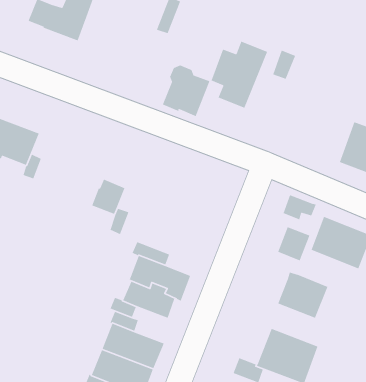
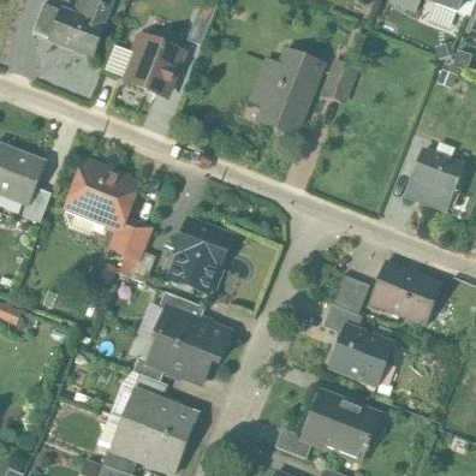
building: [162,65,210,117] -> [125,32,183,95]
building: none -> [73,160,136,227]
building: none -> [169,220,231,293]
building: [283,194,317,220] -> [322,304,363,335]

